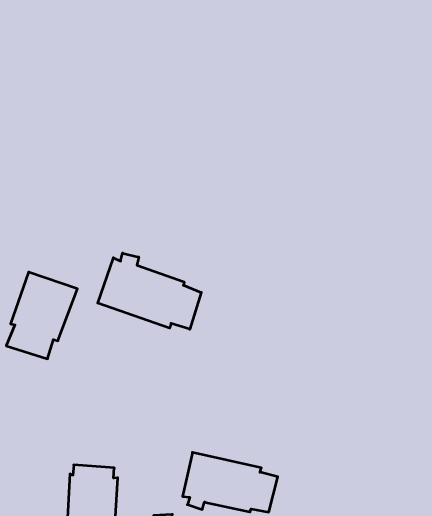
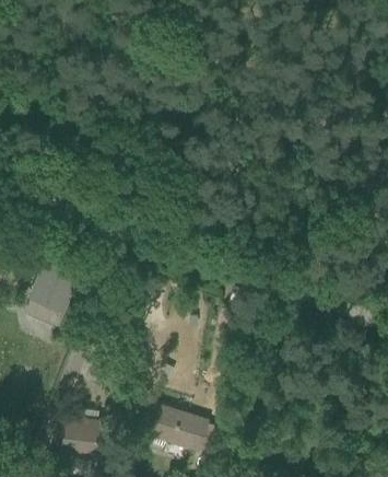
building: [98,253,201,329] -> none

